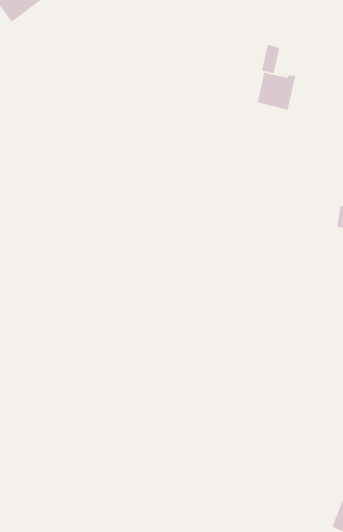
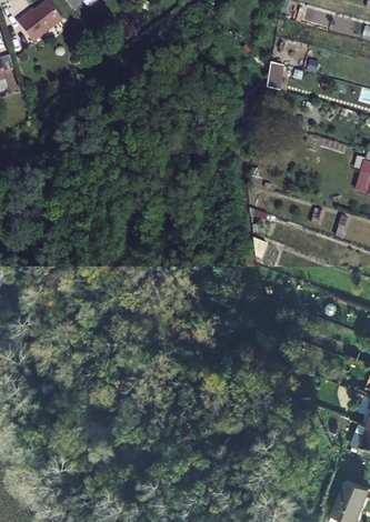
building: [257,72,296,110] -> none

